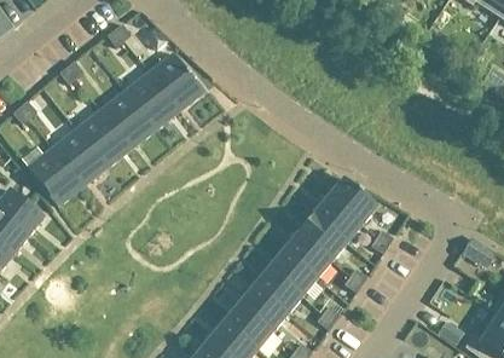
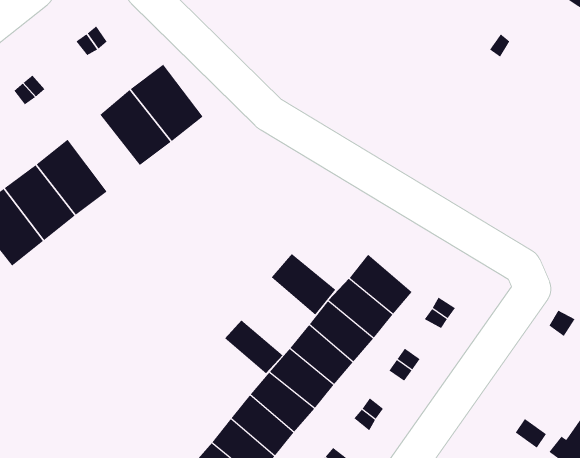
building: [100,91,155,149] -> none
building: [328,178,377,225] -> [271,253,336,316]
building: none -> [224,320,283,374]

